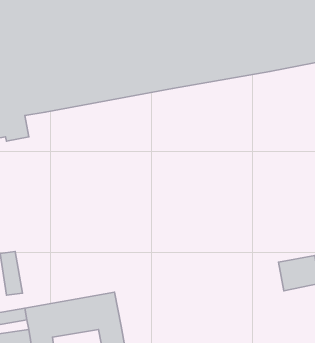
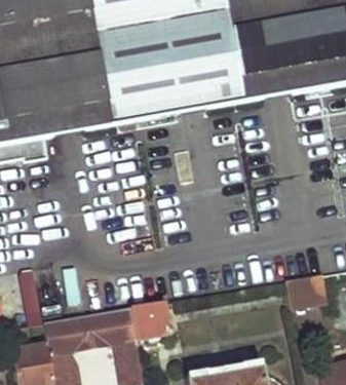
building: none -> [129,299,168,339]

